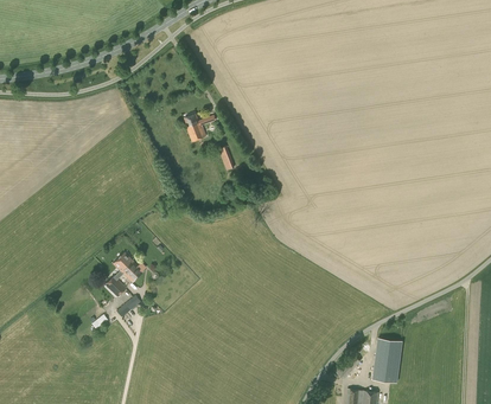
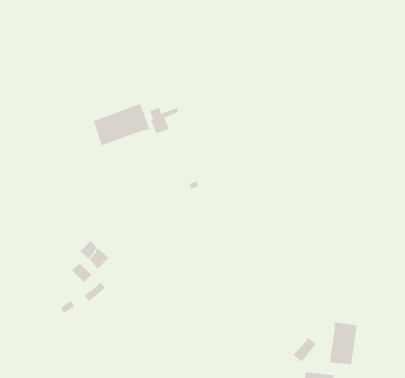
building: none -> [93,103,150,146]

